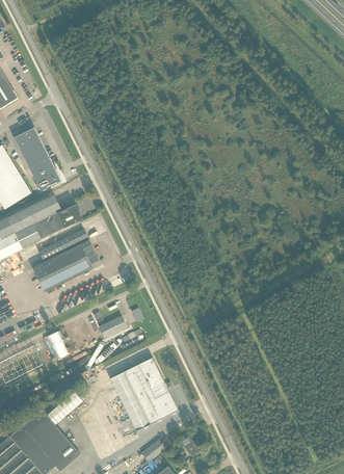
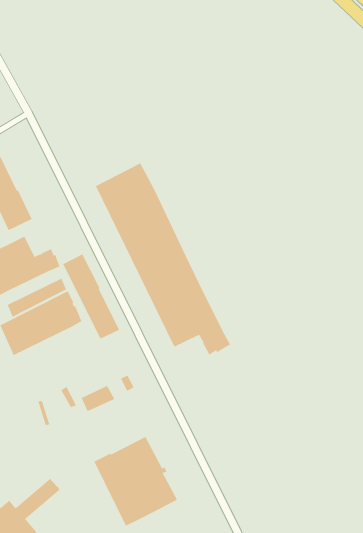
building: none -> [95,162,231,355]
building: none -> [62,253,120,339]

